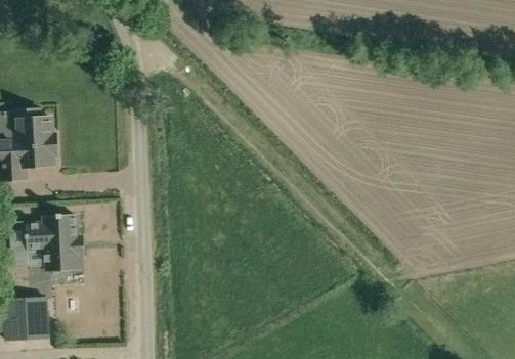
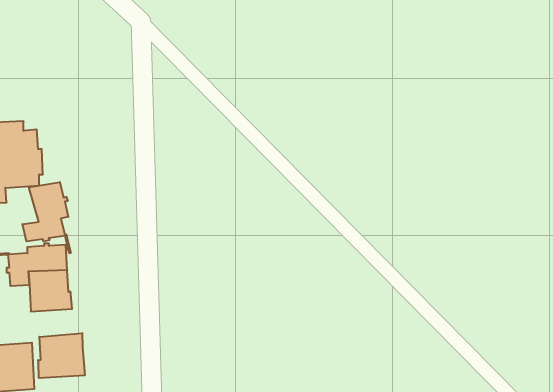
building: none -> [22,182,71,253]
building: none -> [38,333,85,378]

